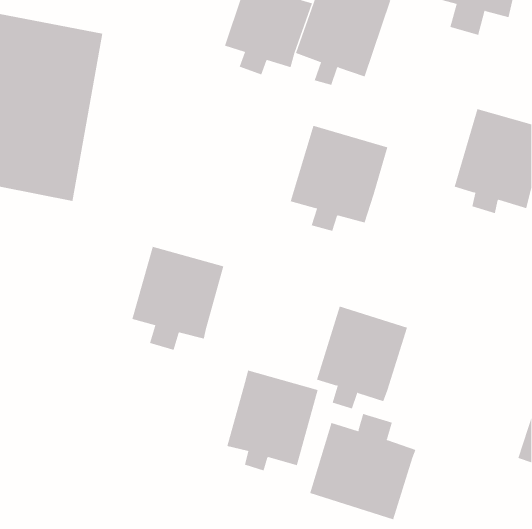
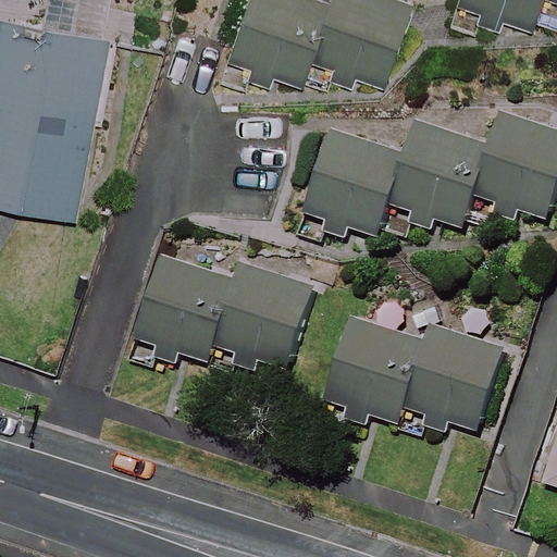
building: none -> [391,122,488,228]
building: none -> [405,325,503,437]
building: [227,370,318,471] -> [215,264,311,370]
building: [309,413,416,520] -> none

